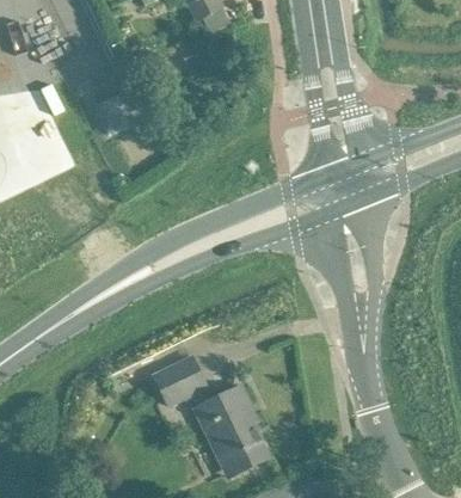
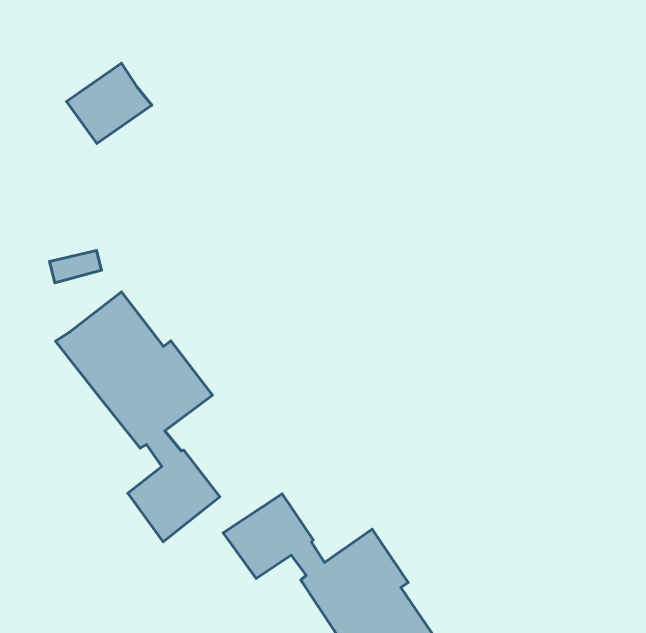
building: none -> [56,292,220,542]

